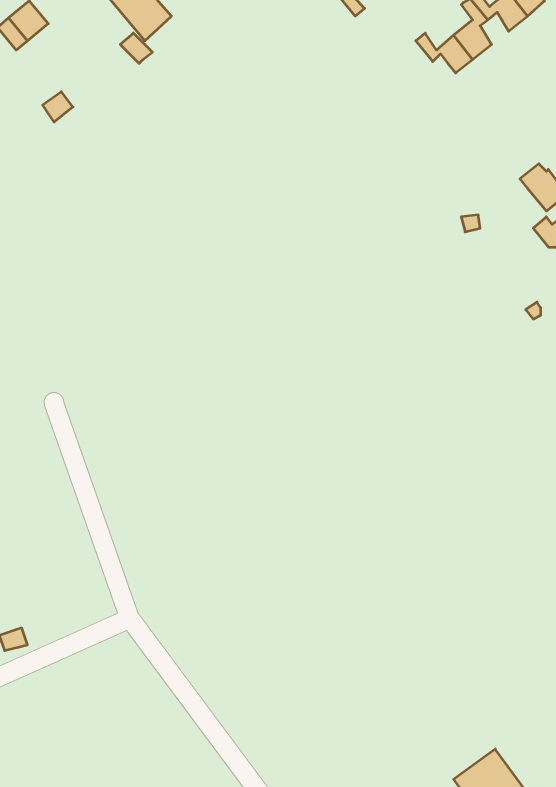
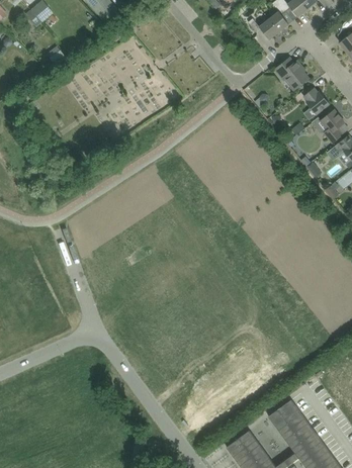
building: none -> [274,58,309,90]

